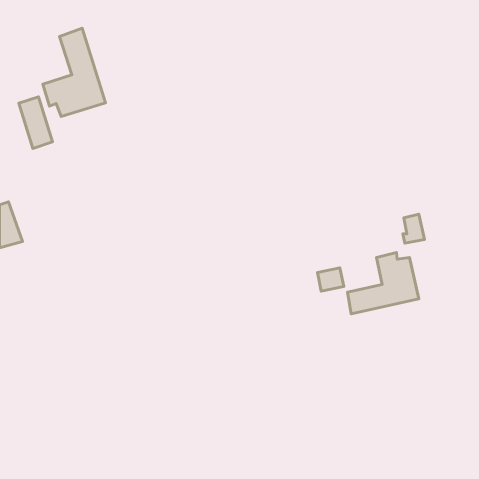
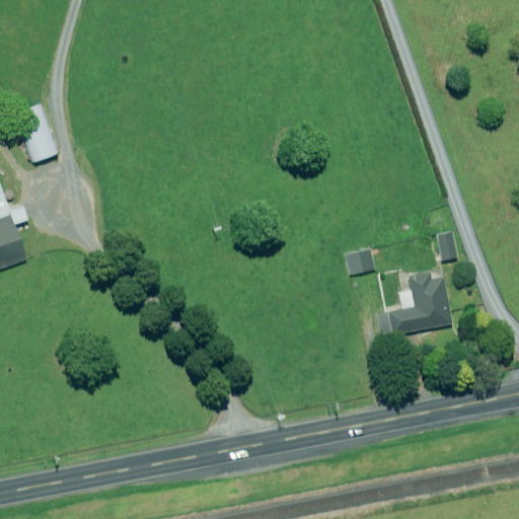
building: [43,28,105,117] -> none
building: [317,268,344,291] -> [346,249,374,275]

